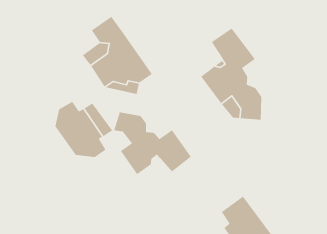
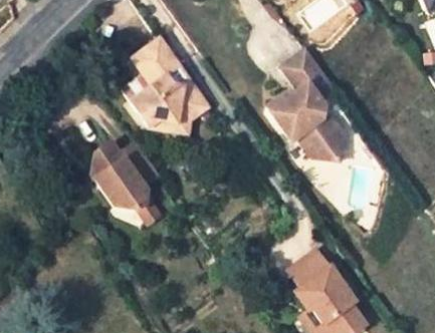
building: [113,111,192,175] -> none

